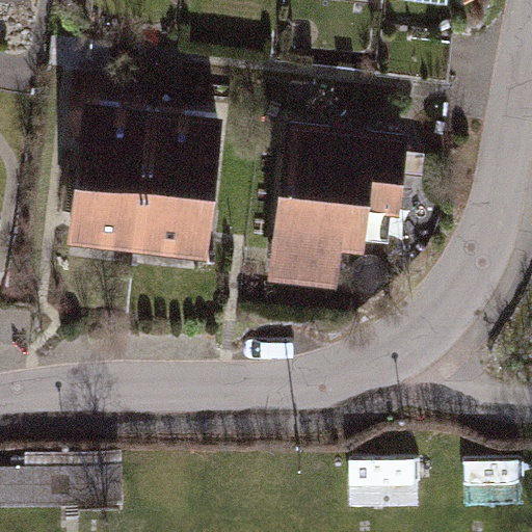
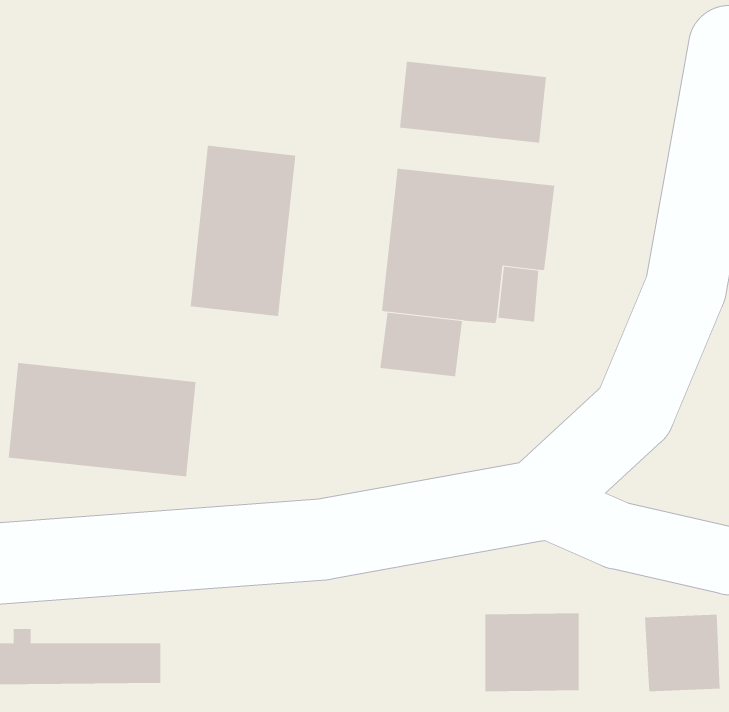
building: none -> [399,61,547,144]
building: [68,87,150,238] -> none
building: none -> [8,362,196,477]

